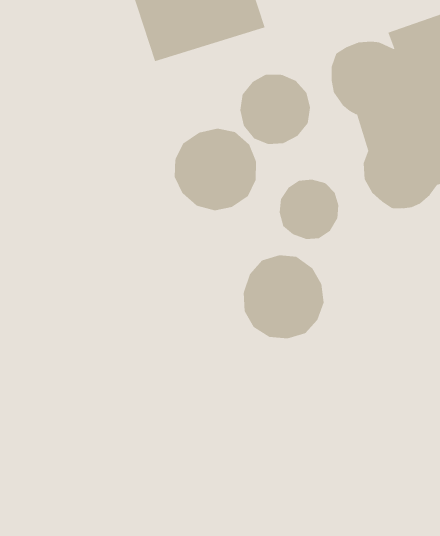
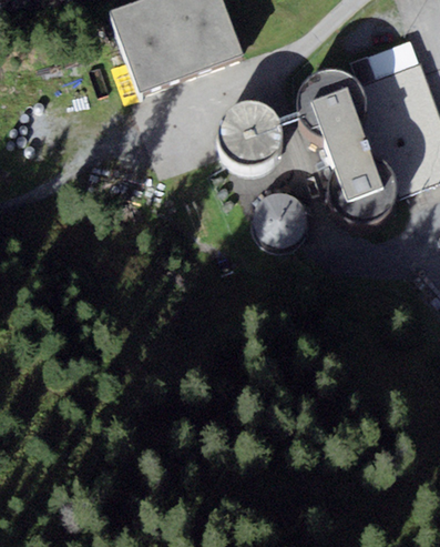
building: [174,128,256,211] -> none
building: [243,254,324,339] -> none

